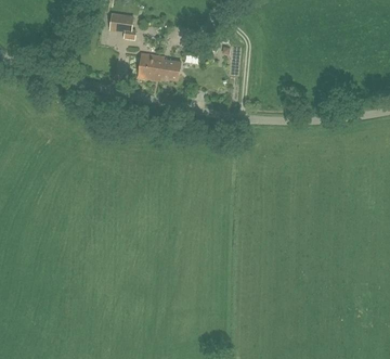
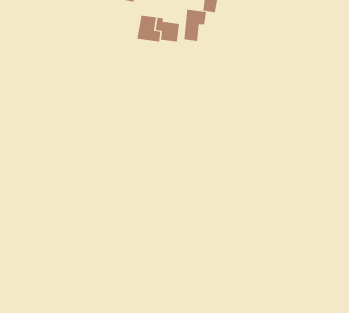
building: none -> [184,9,207,42]

